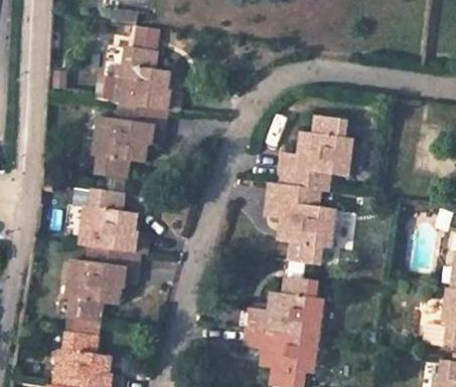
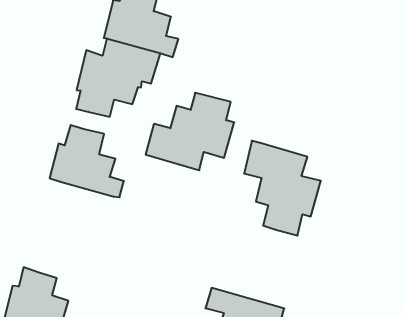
building: [274,116,354,189] -> [146,93,234,170]
building: [63,244,140,318] -> none
building: [246,276,322,336] -> none

